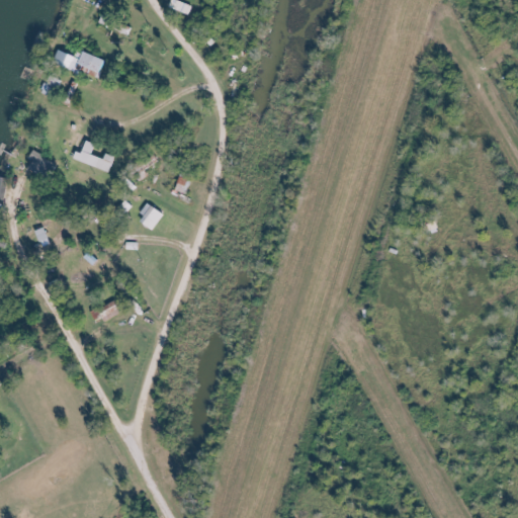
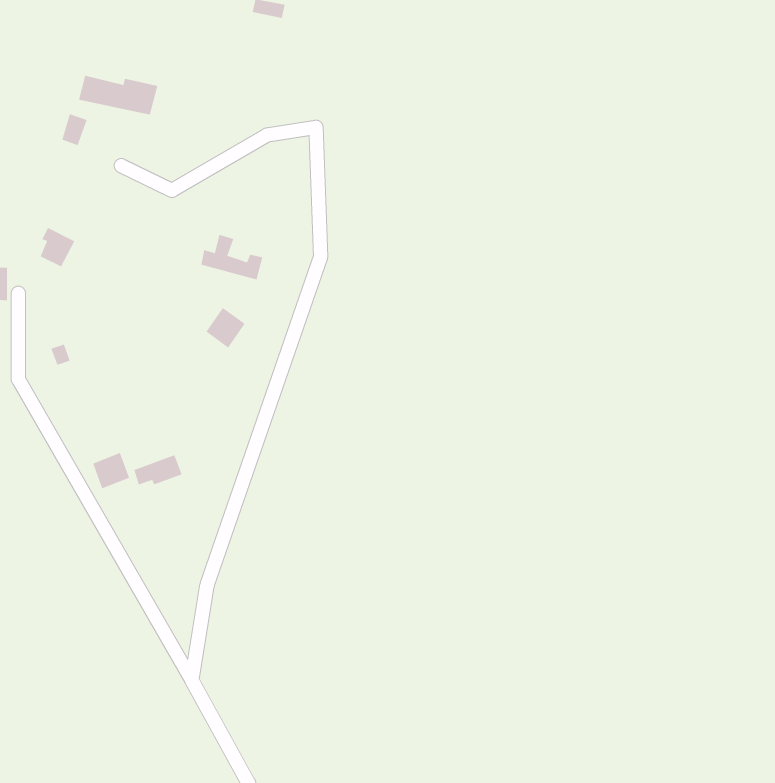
building: [72,140,113,170] -> [200,234,263,280]
building: none -> [92,452,130,489]

